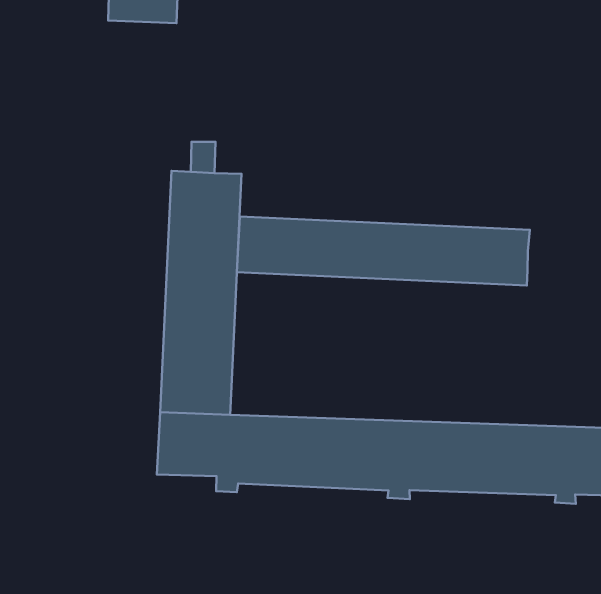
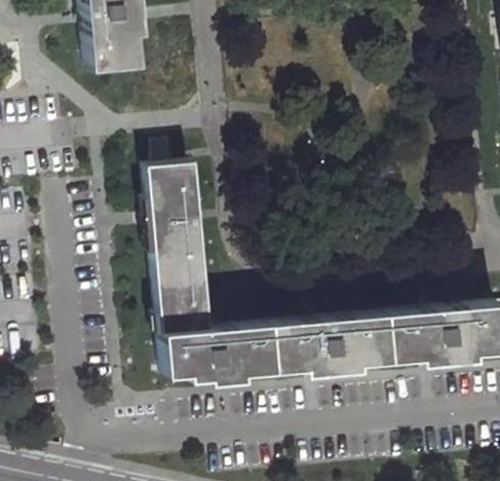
building: [237,216,530,286] -> none

